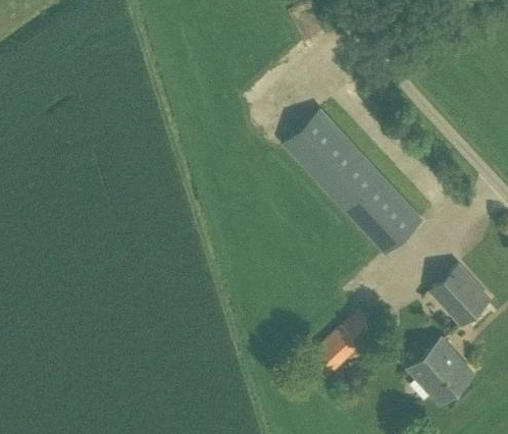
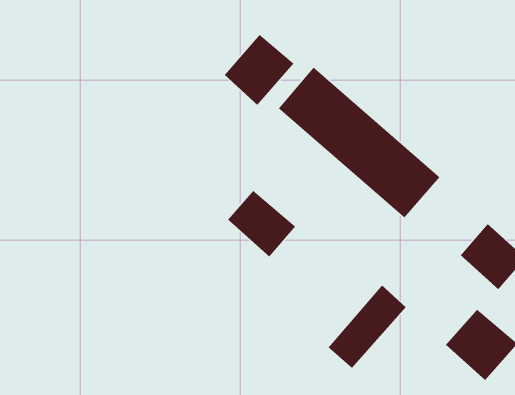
building: none -> [224,34,295,106]
building: none -> [227,190,296,257]

